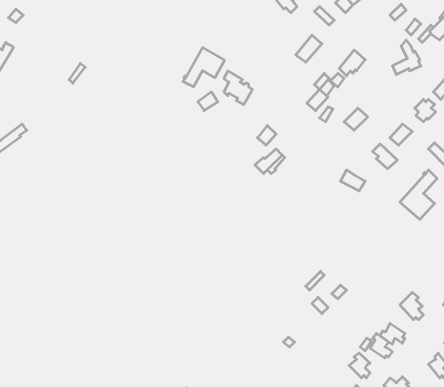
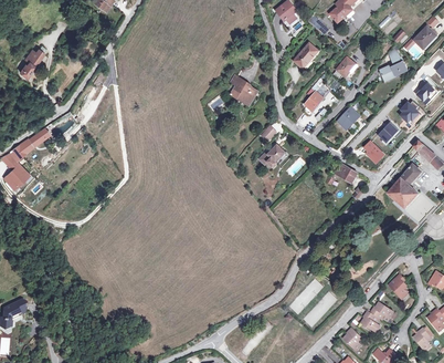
building: [183,48,224,87] -> none

